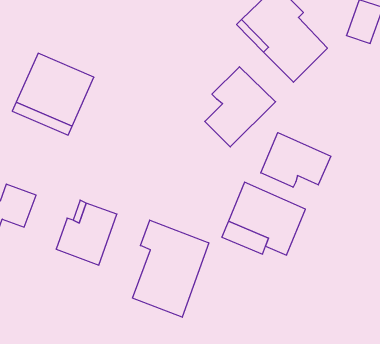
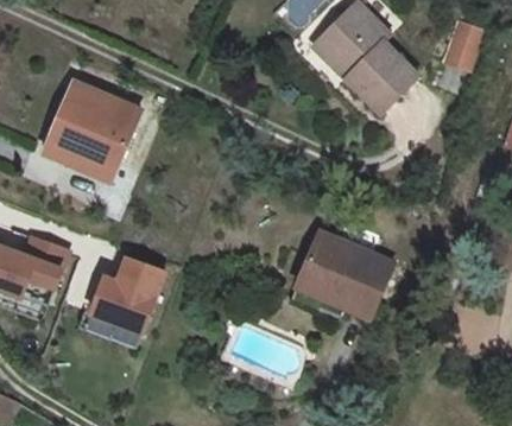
building: [205,67,276,147] -> none
building: [261,133,331,187] -> none
building: [132,220,209,317] -> none

